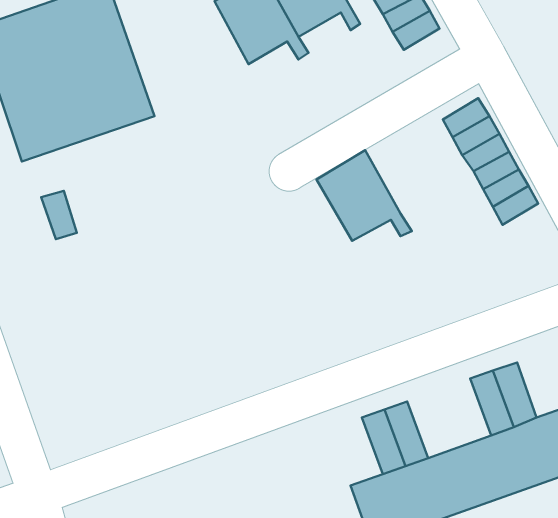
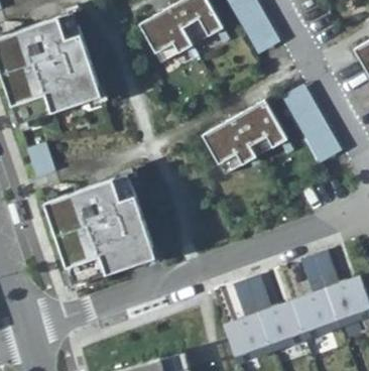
building: none -> [233,99,293,156]
building: none -> [46,174,155,284]

